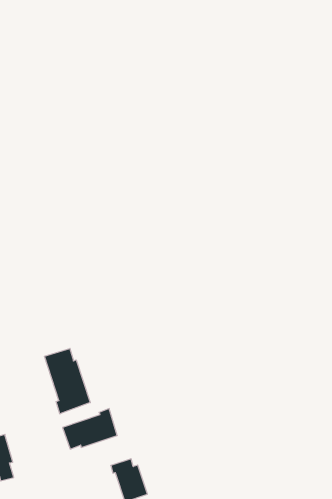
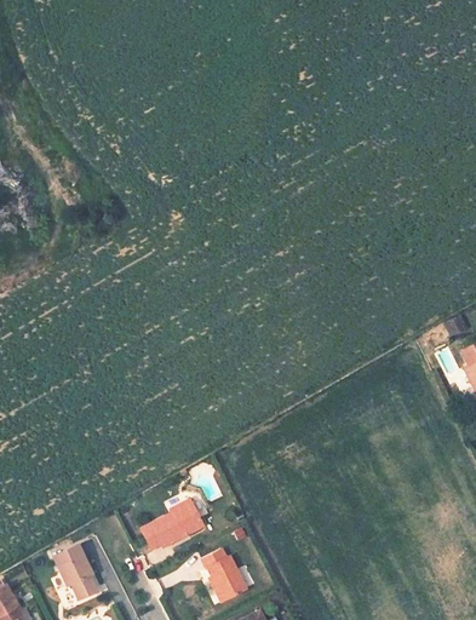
building: [45,348,90,414] -> none

